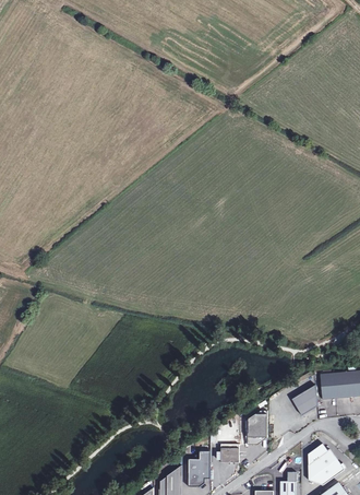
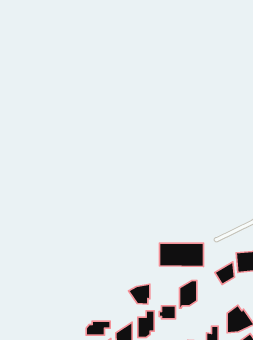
building: none -> [159,243,203,267]
building: none -> [129,284,150,304]
building: none -> [86,321,110,335]

